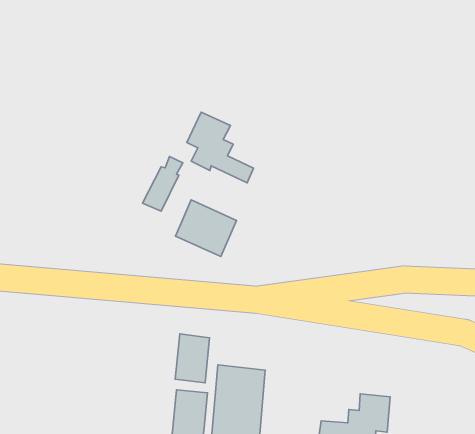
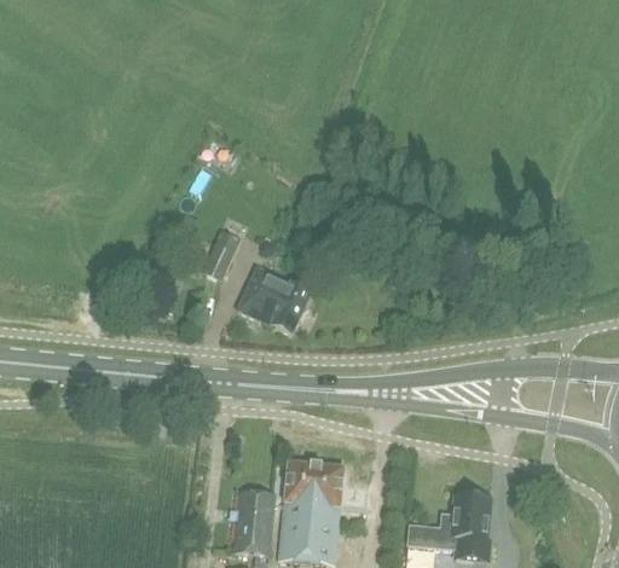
building: [187,112,253,183] -> none
building: [175,334,210,383] -> none

